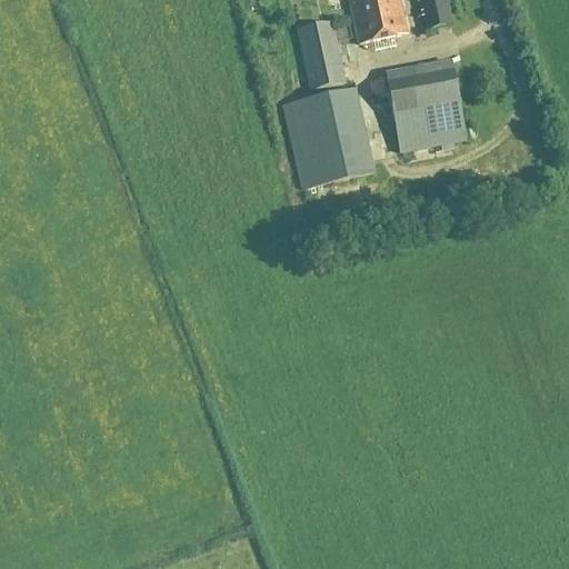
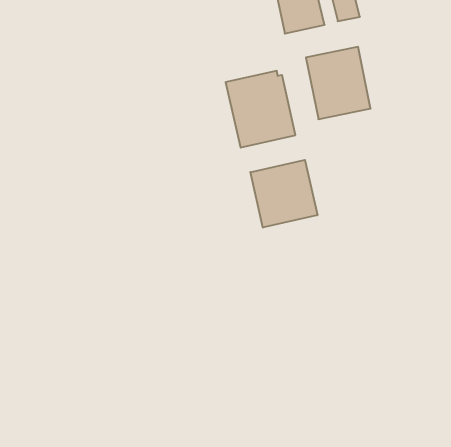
building: [297,19,346,89] -> none
building: none -> [250,160,317,228]

